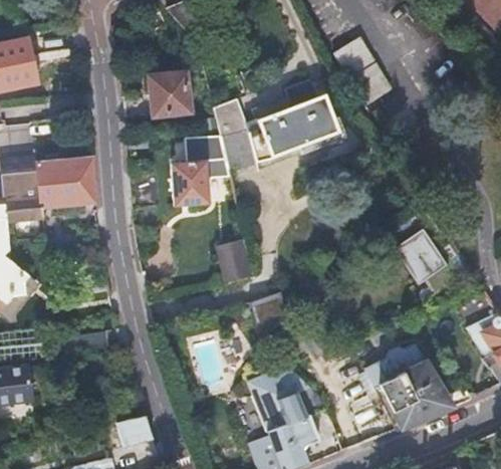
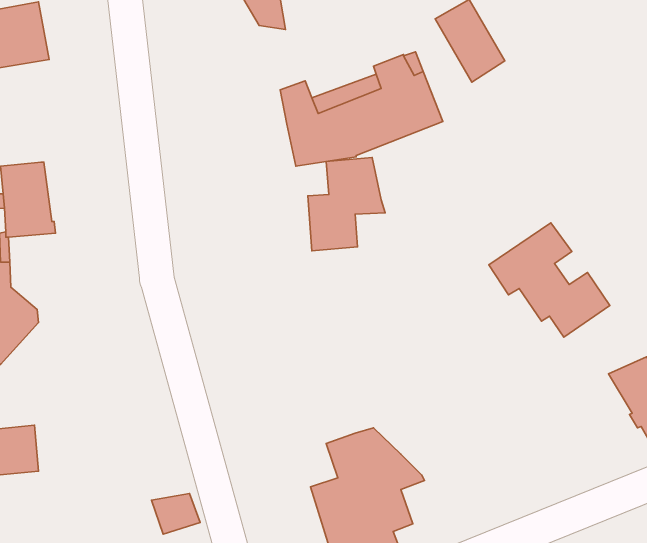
building: [152,76,190,116] -> none
building: [171,135,230,206] -> [308,158,385,251]
building: [34,160,95,209] -> none
building: [217,243,248,280] -> none
building: [364,343,454,430] -> none

